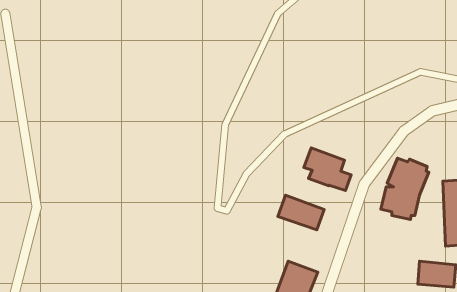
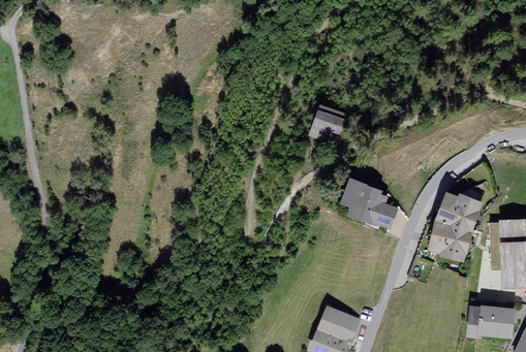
building: none -> [309,108,348,139]
building: [278,195,324,230] -> none

